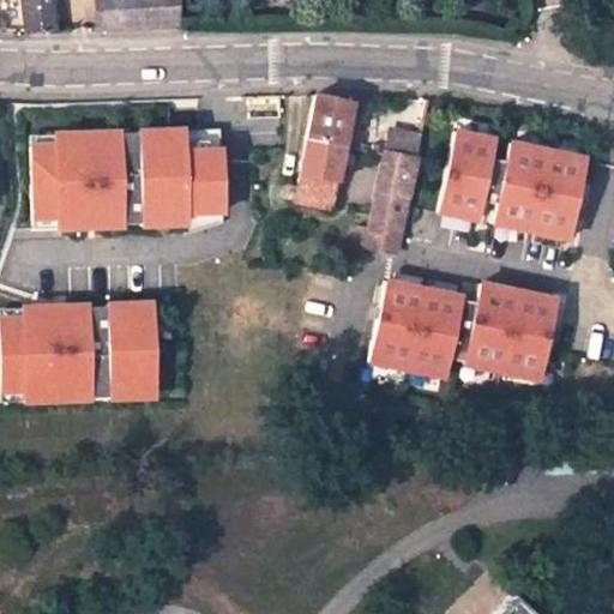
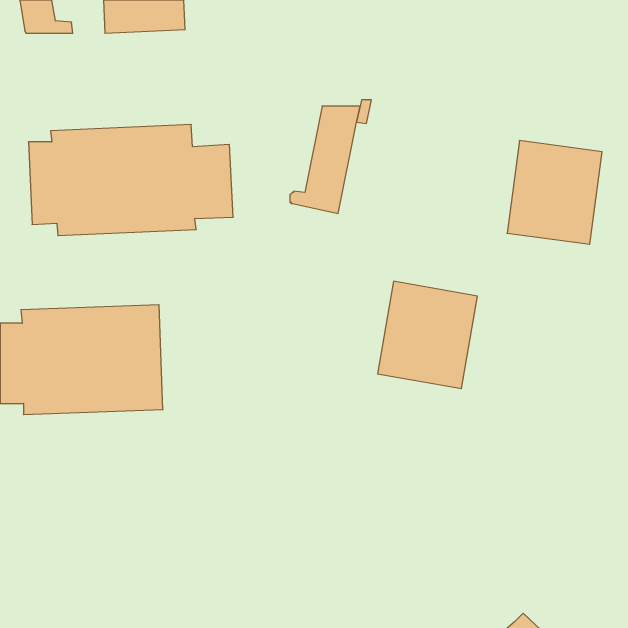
building: [438,125,501,223] -> none
building: [368,132,421,254] -> none
building: [462,277,562,384] -> none

